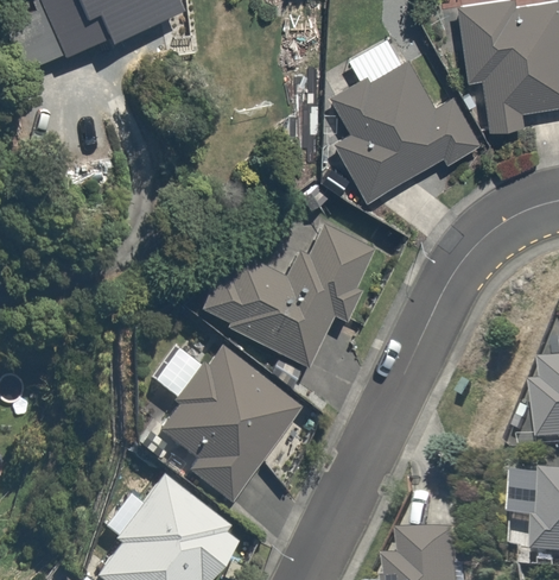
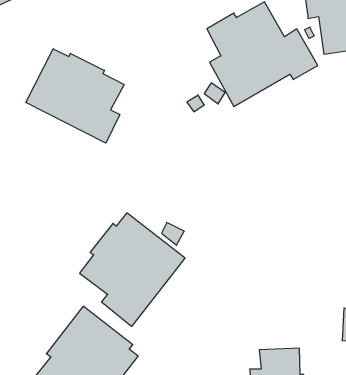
building: none -> [26,49,124,143]
building: [198,223,374,367] -> none

